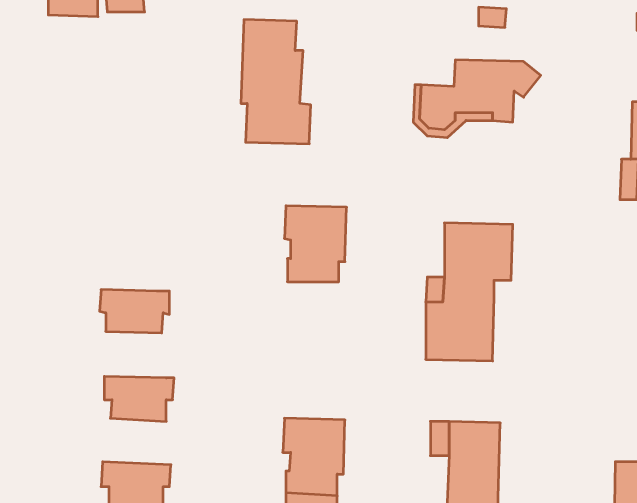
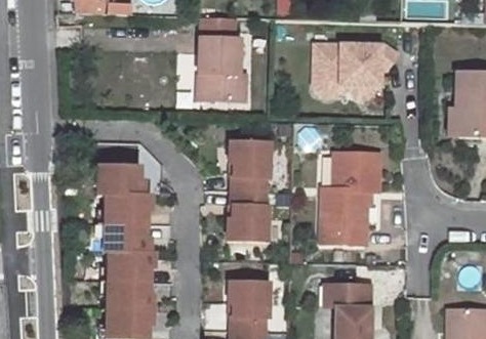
building: none -> [98,165,145,196]
building: none -> [226,189,267,240]
building: none -> [105,222,151,253]
building: none -> [108,280,153,310]

